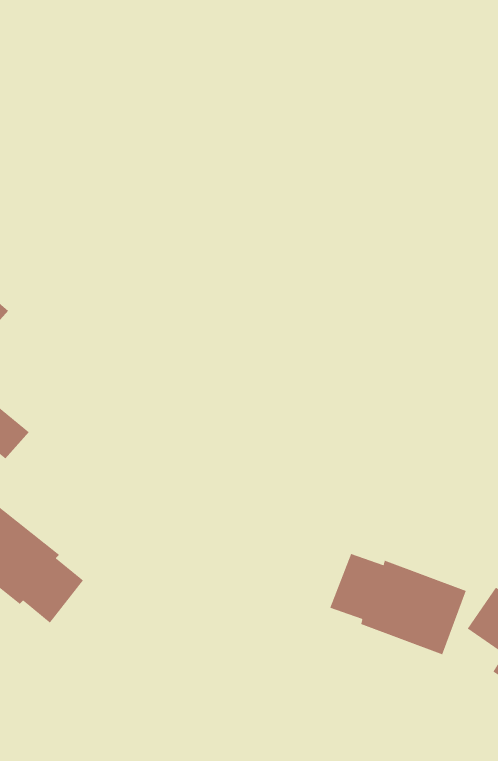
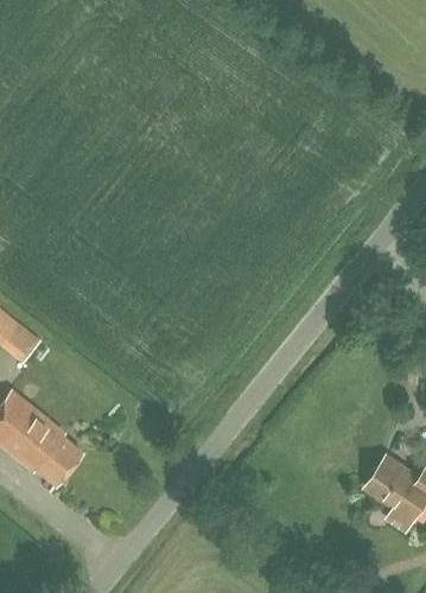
building: [329,553,466,655] -> none

